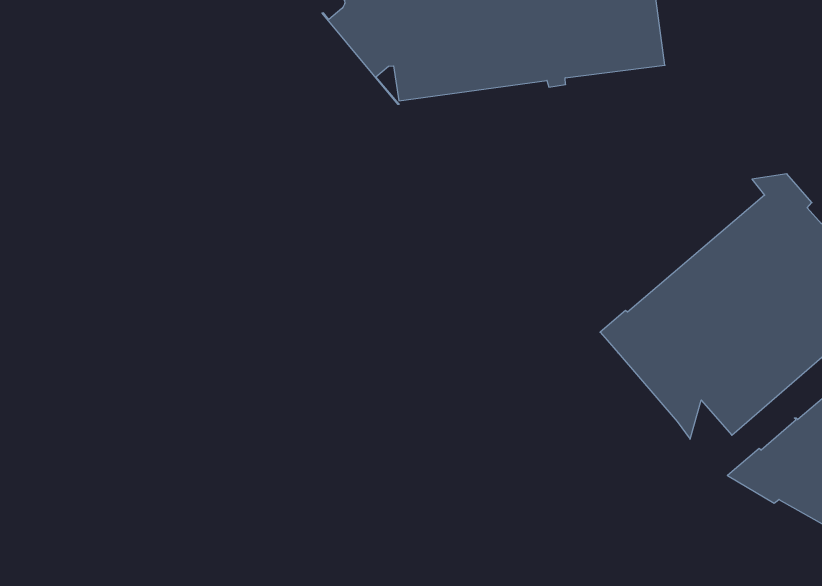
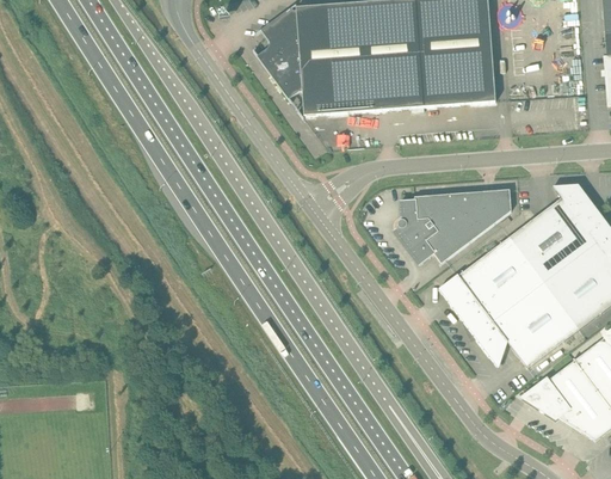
building: none -> [394,188,511,264]

